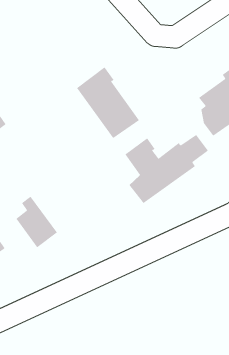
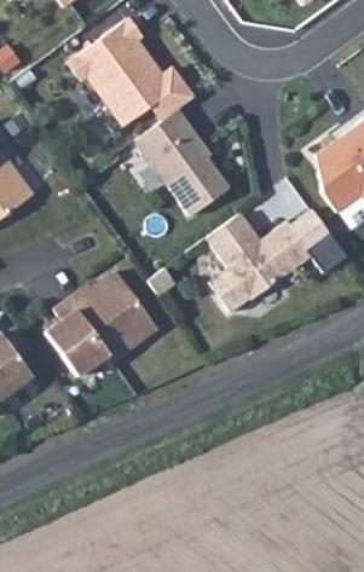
building: none -> [69,18,174,126]
building: none -> [69,271,157,360]

